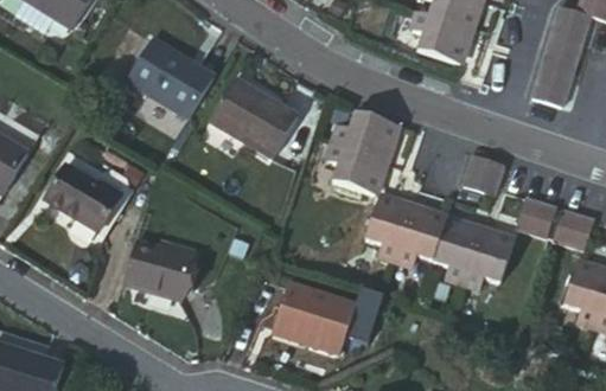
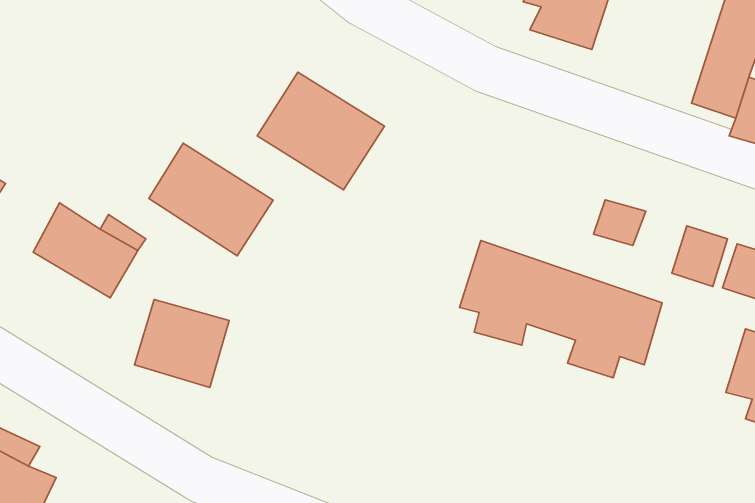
building: [127,34,217,116] -> [149,143,273,256]
building: [320,104,394,193] -> none
building: [279,288,362,366] -> none

